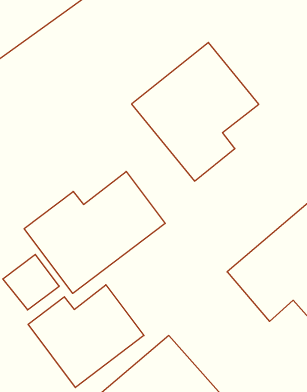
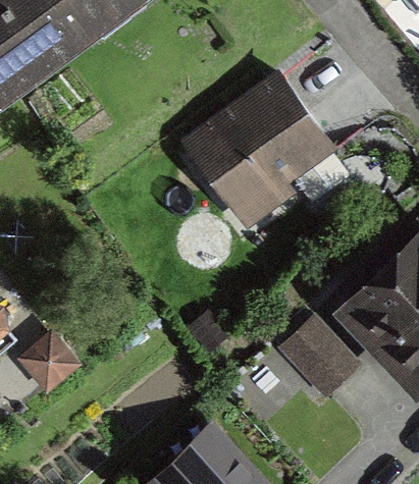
building: [24,171,165,293] -> none
building: [28,285,144,388] -> none

